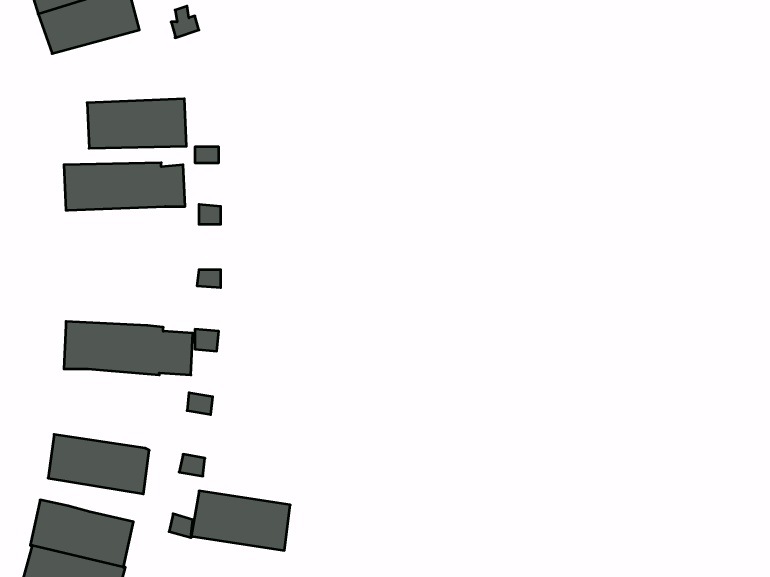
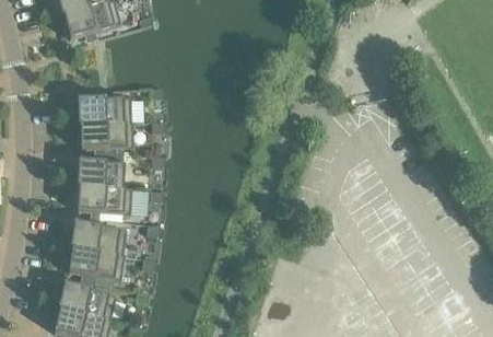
building: [87,99,186,148] -> [80,118,134,146]
building: none -> [78,158,126,184]
building: [191,491,290,550] -> [71,219,126,252]

